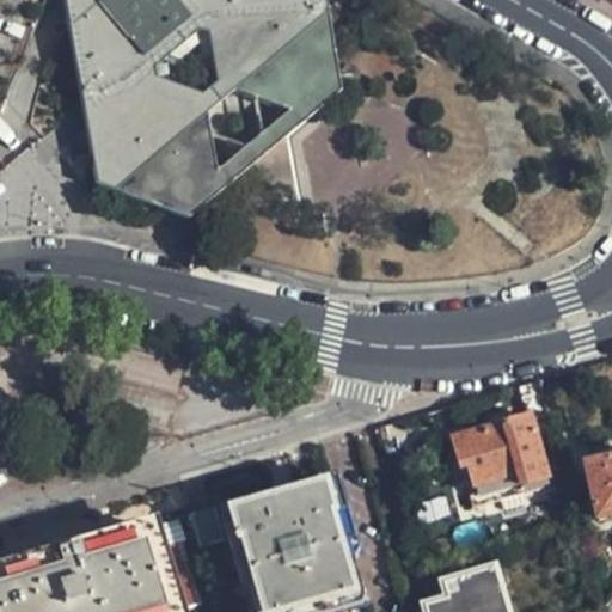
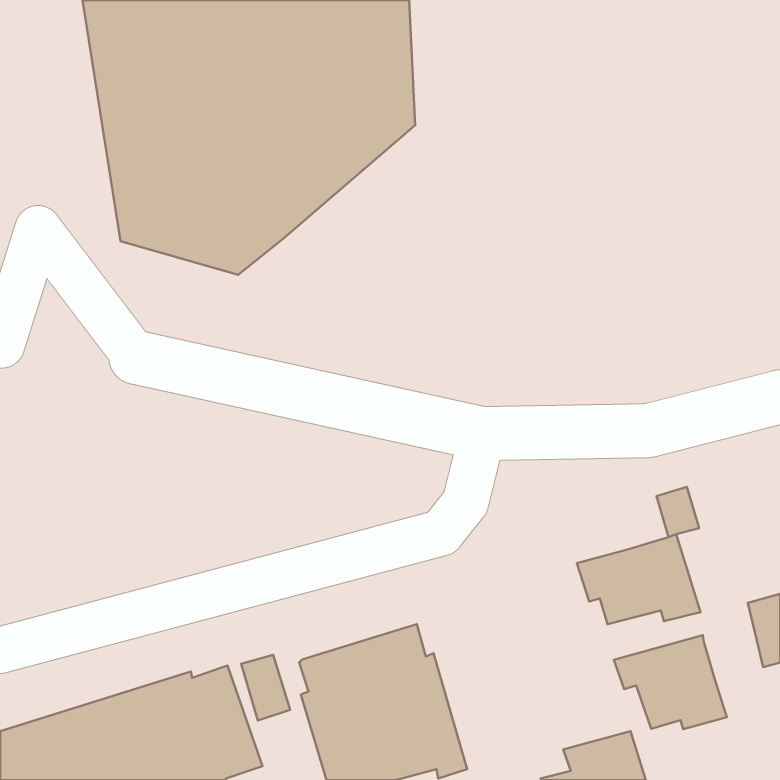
building: none -> [614,635,727,729]

